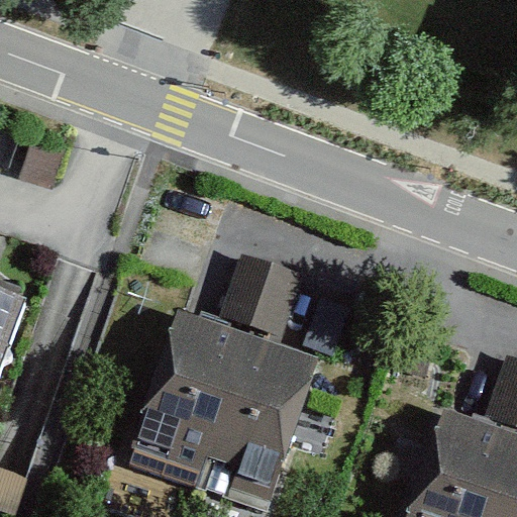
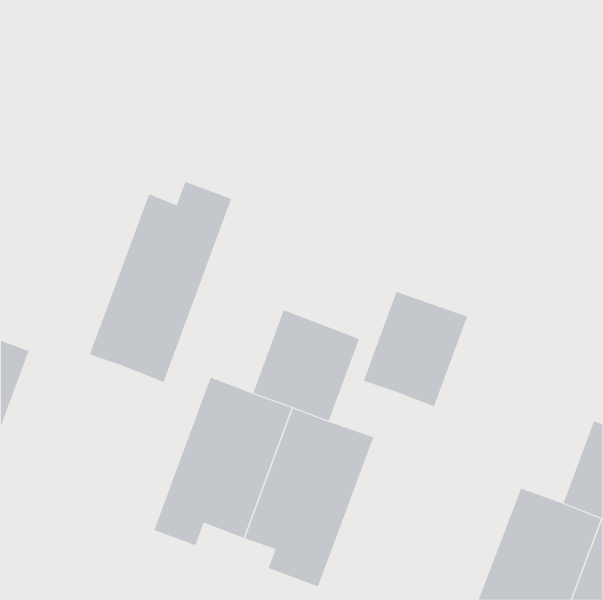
building: none -> [89,181,232,383]
building: none -> [363,291,468,407]

